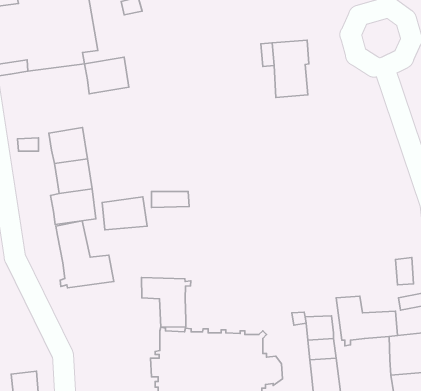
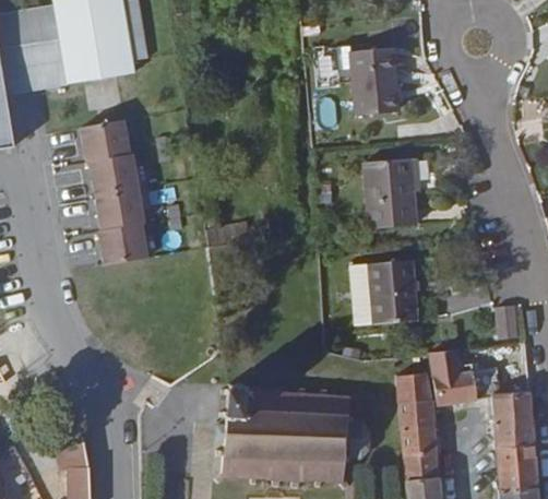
building: [85,57,129,94] -> [84,117,135,159]
building: none -> [366,164,417,230]
building: [102,197,147,230] -> none
building: [56,221,114,288] -> none
building: none -> [332,268,413,329]
building: [141,277,191,327] -> none

